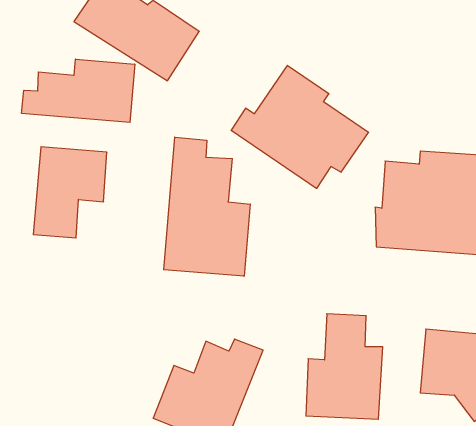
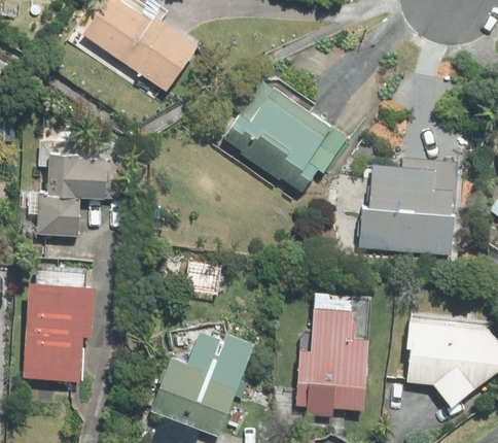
building: [22,59,135,122] -> none
building: [164,137,250,276] -> none
building: none -> [23,281,95,381]

